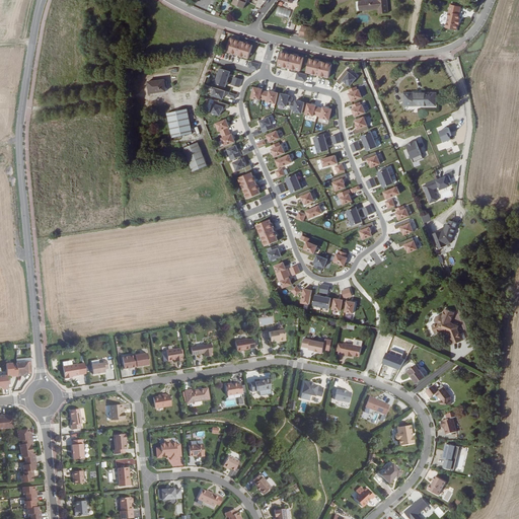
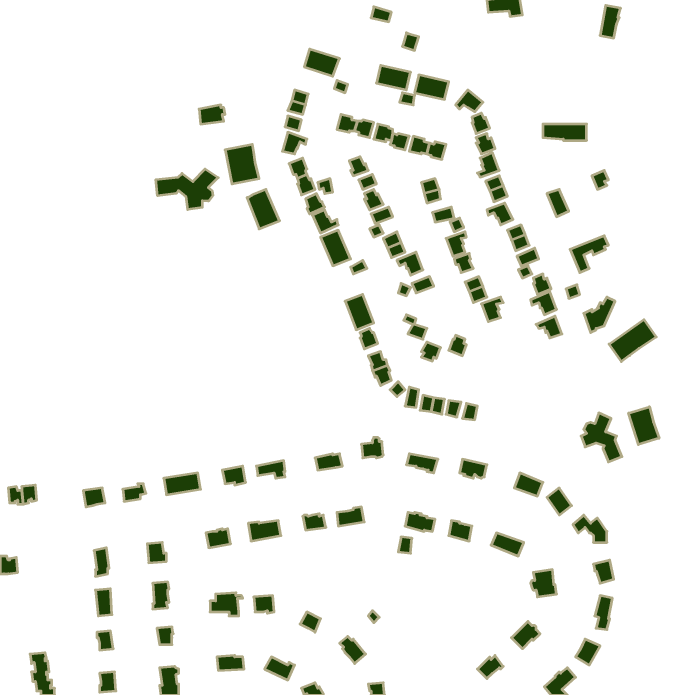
building: none -> [156,169,218,210]
building: none -> [609,320,656,362]
building: none -> [629,407,659,445]
building: [17,428,36,481] -> none

